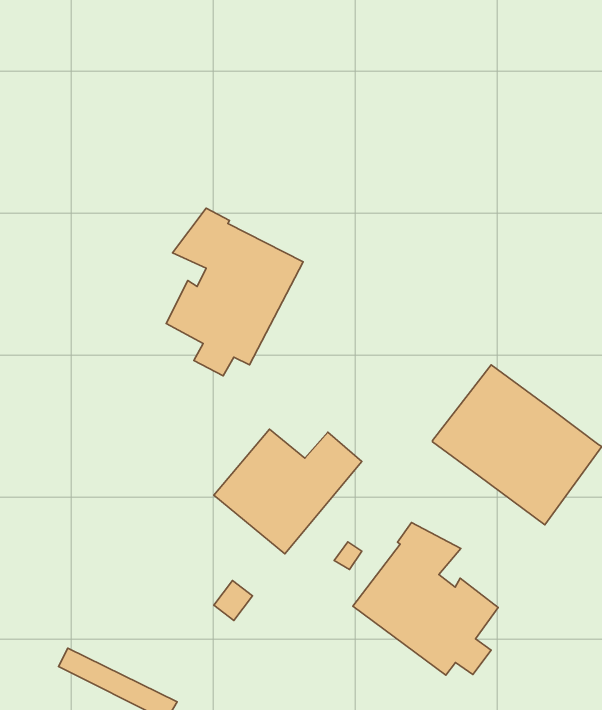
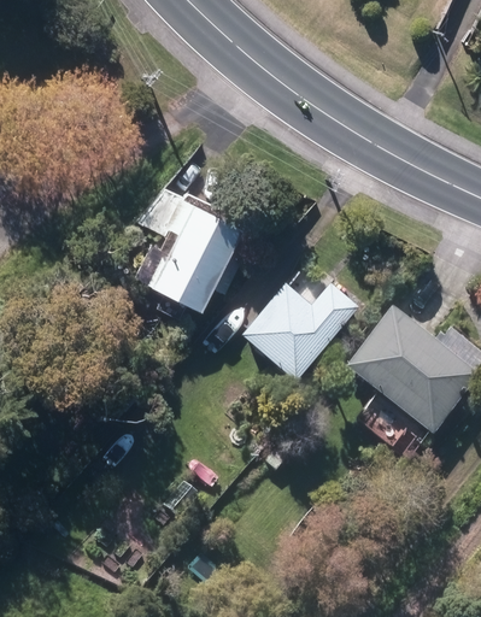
building: [214,429,362,554] -> [242,280,358,377]
building: [353,523,498,675] -> none

